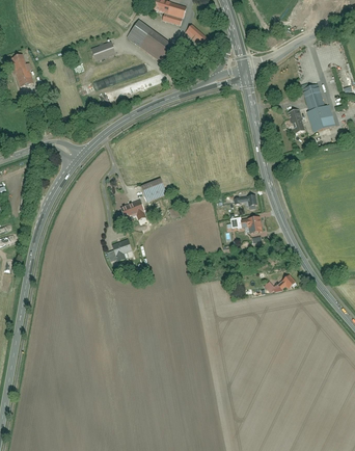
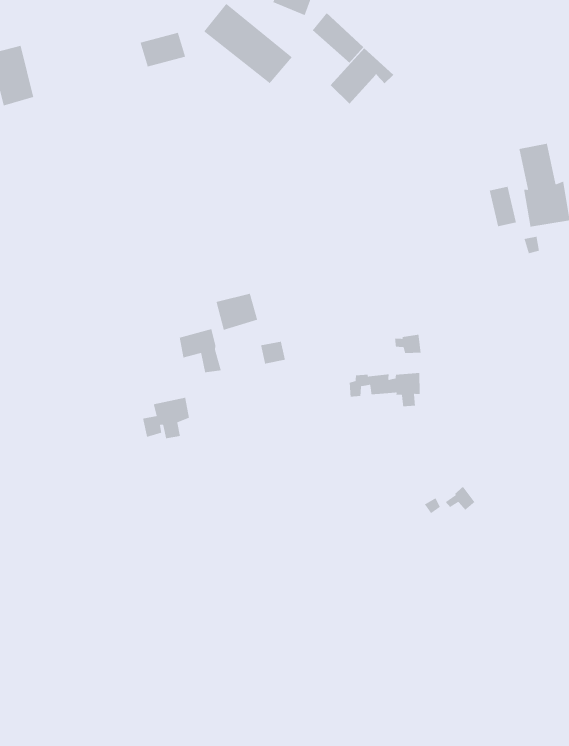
building: none -> [330,47,394,104]

